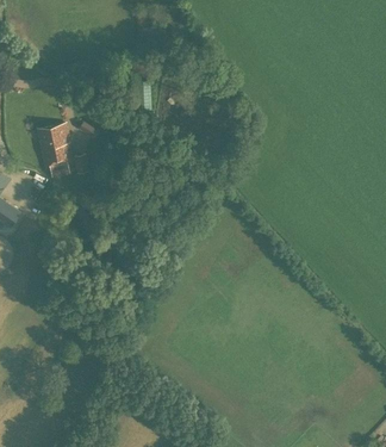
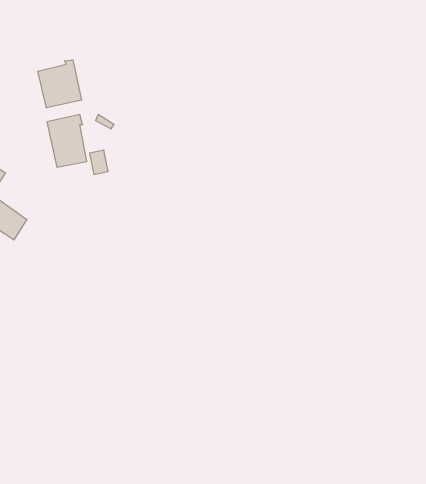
building: none -> [38,60,82,108]

